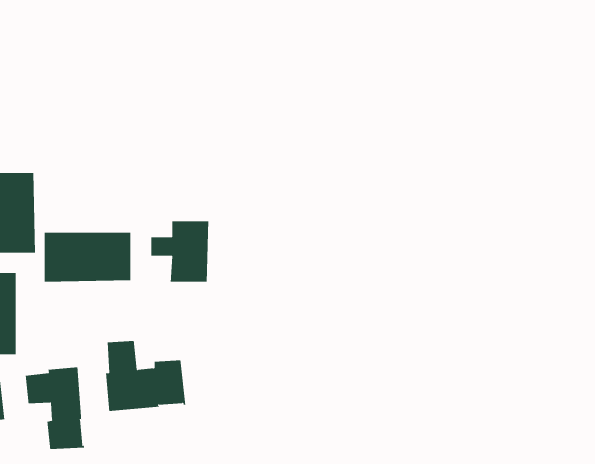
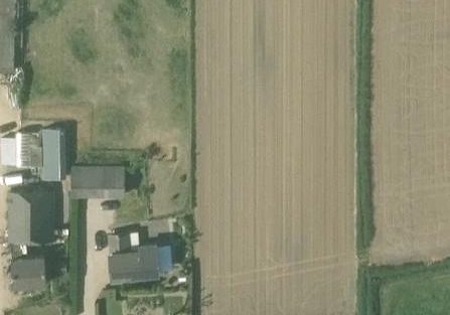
building: [151,220,209,283] -> none
building: [25,367,84,450] -> none

